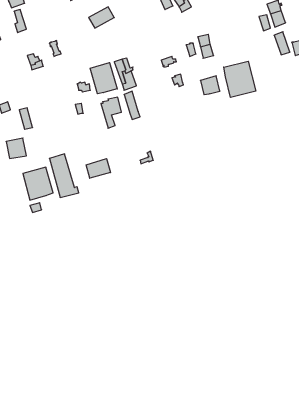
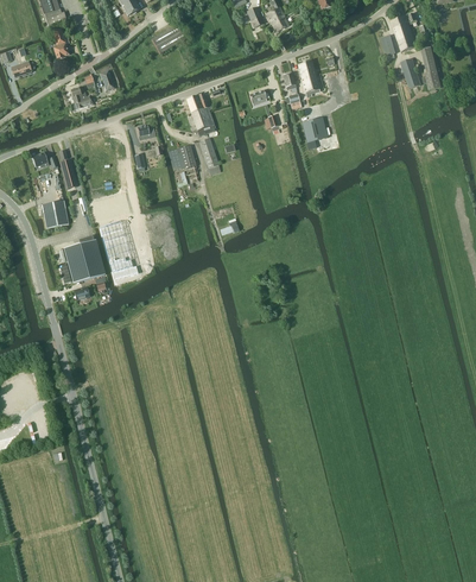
building: [224,61,256,97] -> none
building: [90,63,117,94] -> none
building: [86,159,110,178] -> none

